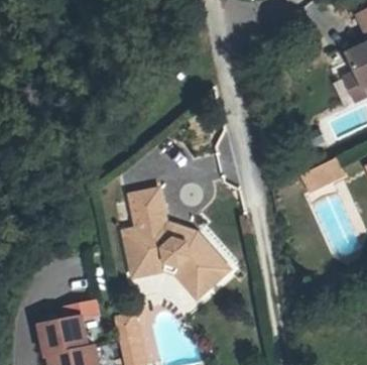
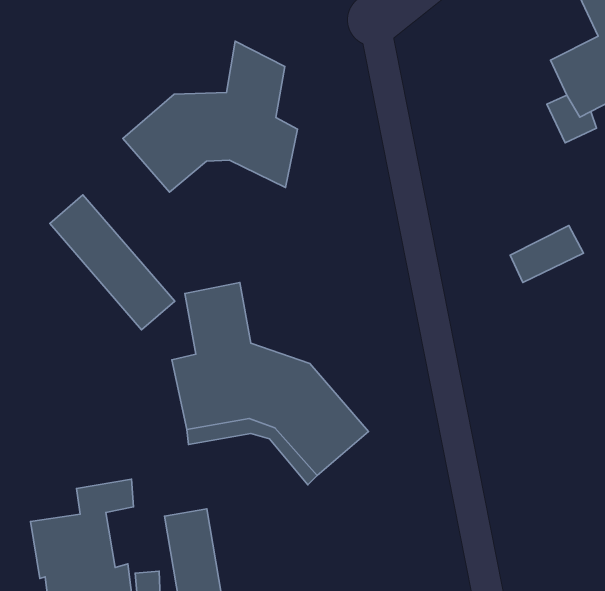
building: none -> [123,41,297,192]
building: none -> [50,195,175,330]

